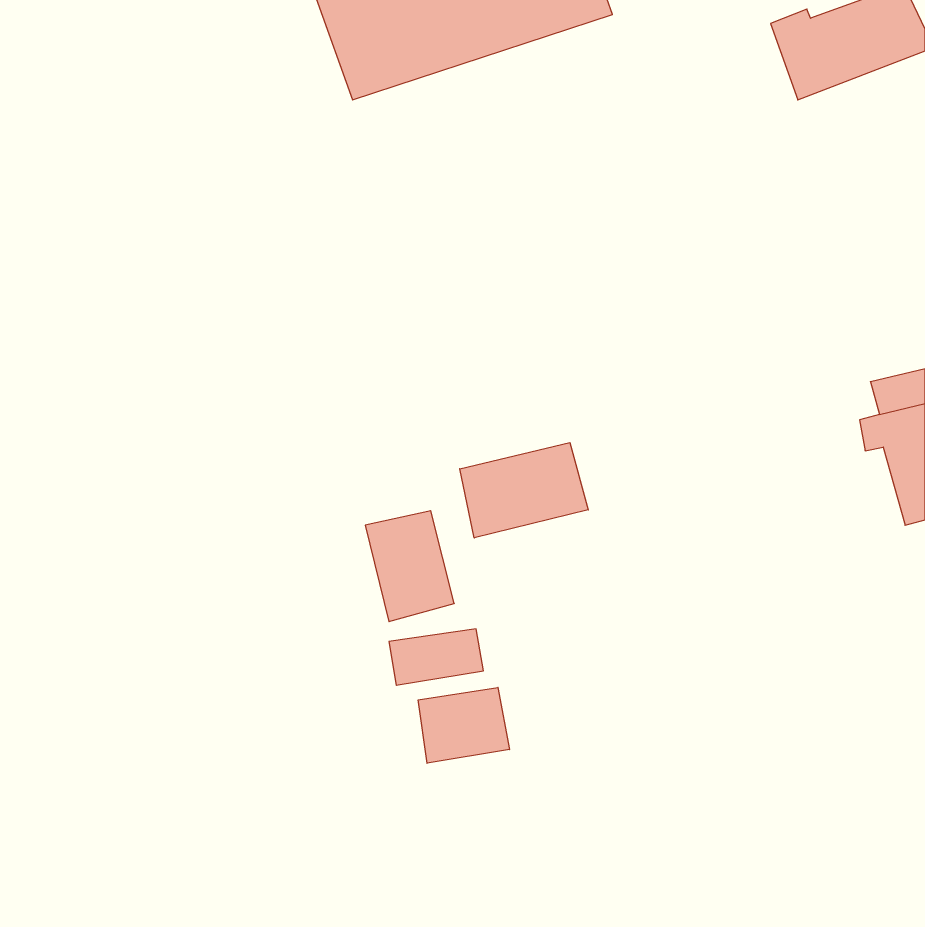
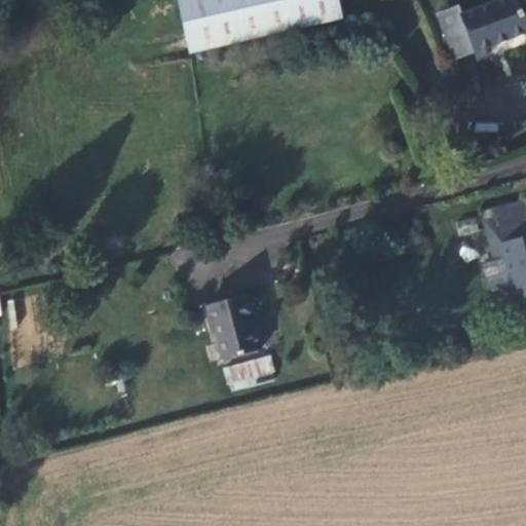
building: [460,443,588,538] -> none
building: [418,687,509,763] -> none

